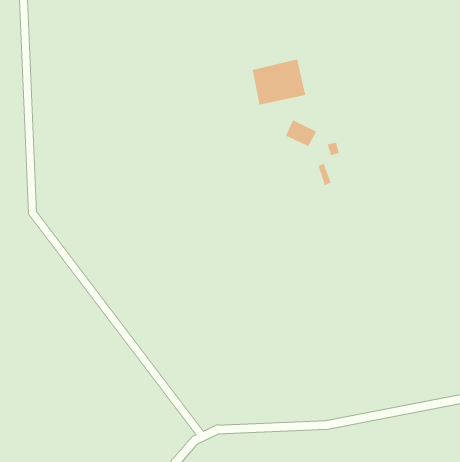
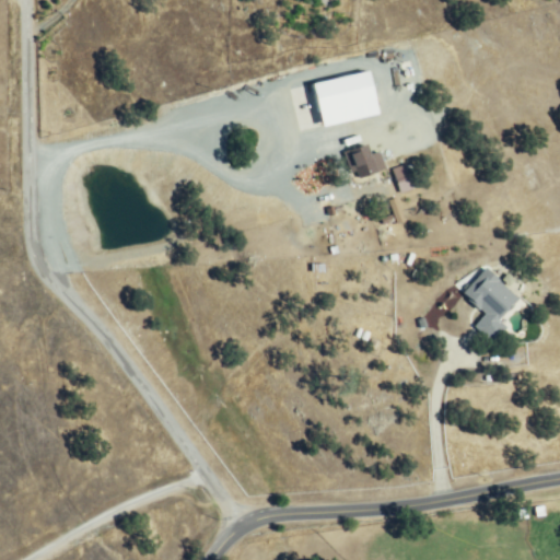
building: none -> [468,269,521,341]

